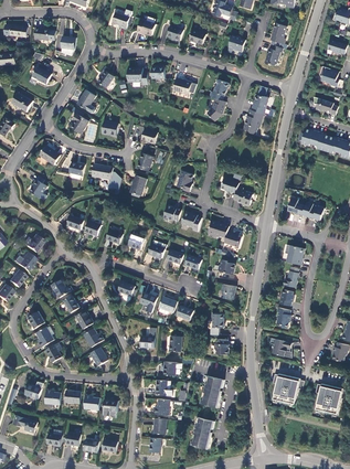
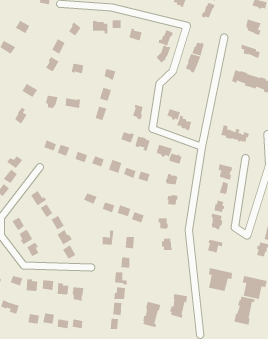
building: [200,377,223,408] -> [169,294,188,318]
building: none -> [234,296,255,325]

